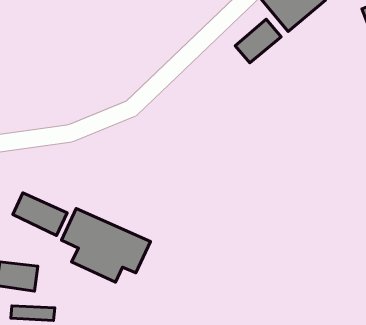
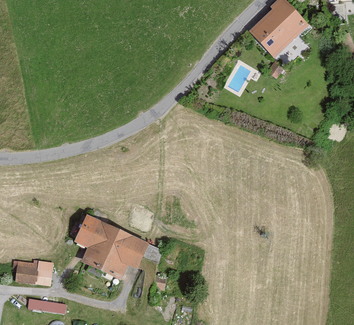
building: [235,19,281,63] -> none
building: [13,193,67,236] -> none

